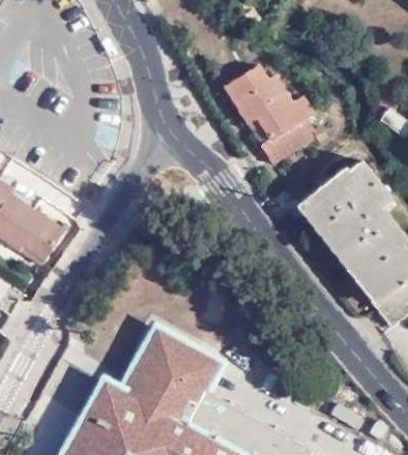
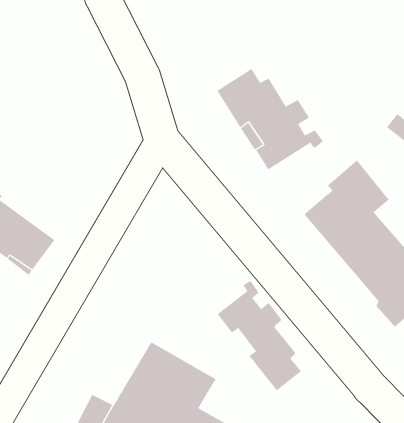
building: none -> [217,280,302,391]

